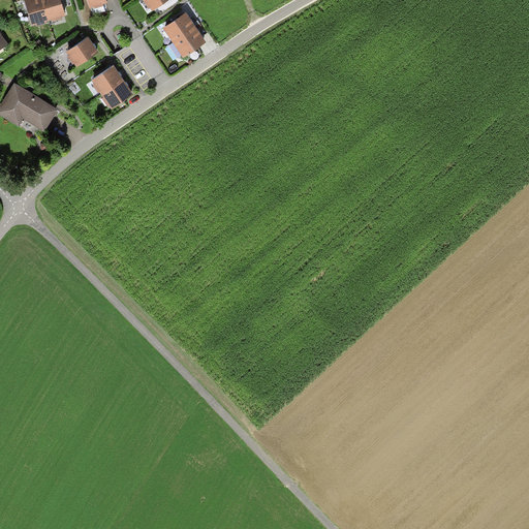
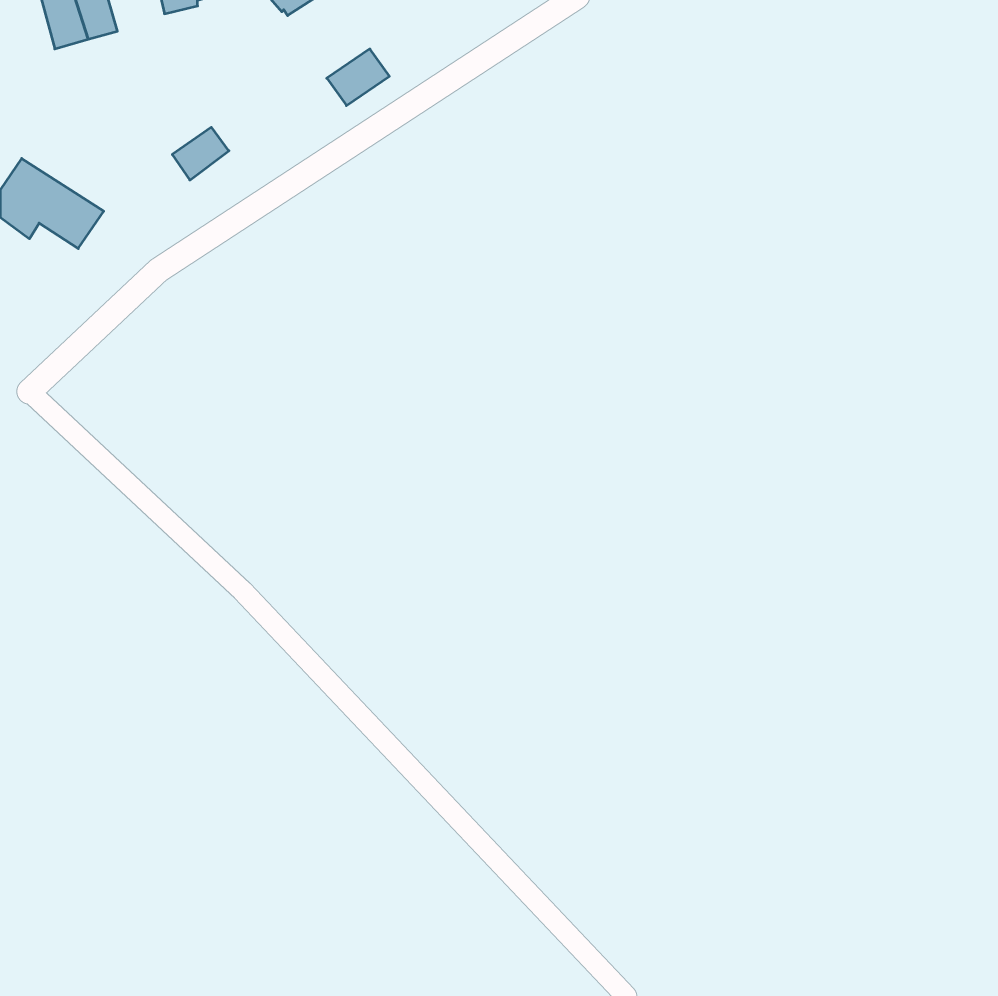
building: [164,11,196,41] -> none
building: [66,37,96,66] -> none
building: [101,80,131,107] -> none

